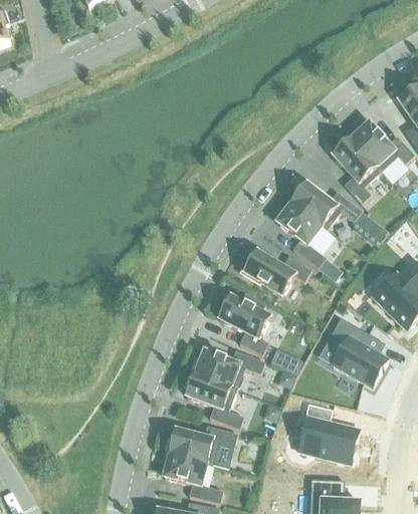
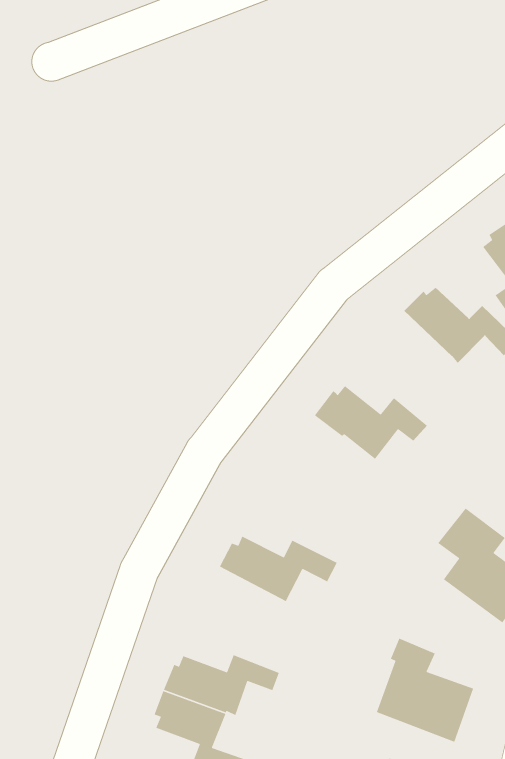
building: [276,200,326,267] -> none
building: [219,293,269,353] -> none
building: [186,371,243,428] -> none

